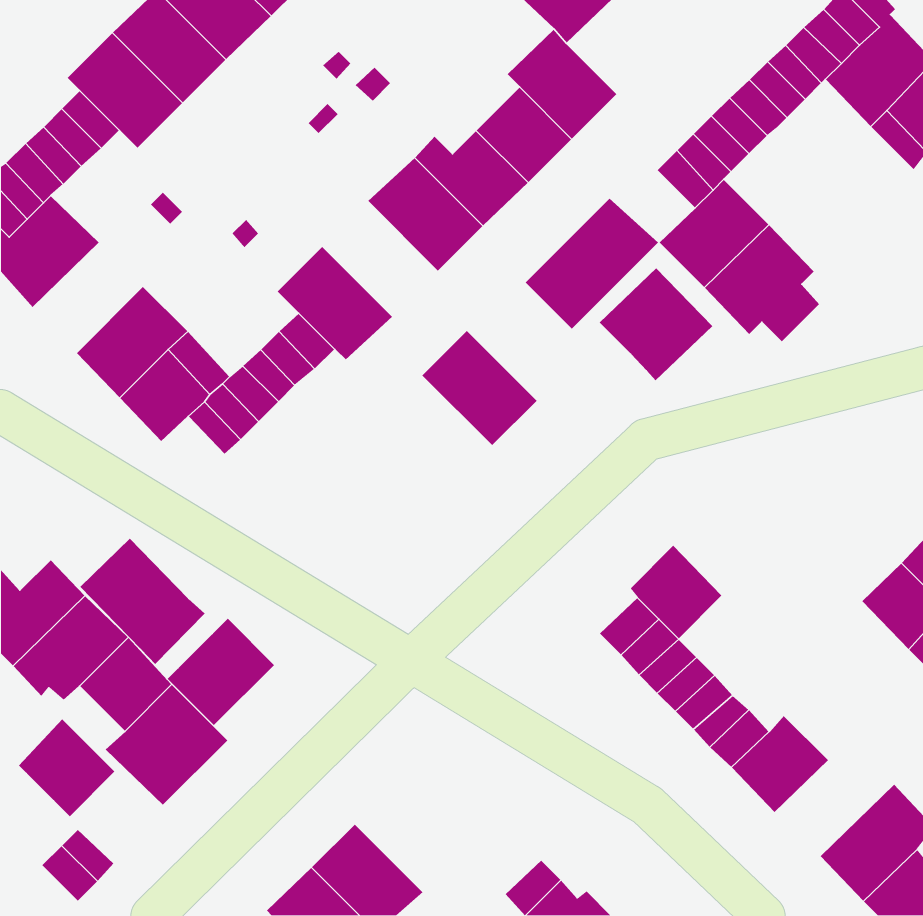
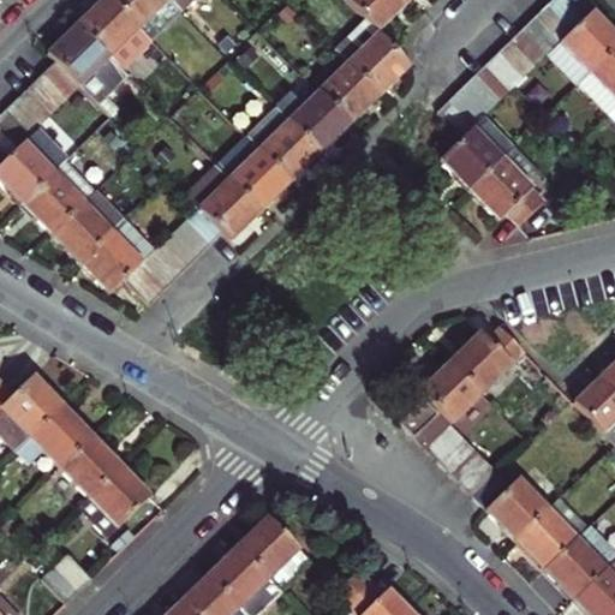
building: [525,198,659,329] -> none
building: none -> [23,161,96,234]
building: [599,268,713,381] -> none
building: [422,330,537,446] -> [215,133,292,210]
building: none -> [448,324,527,395]
building: [79,538,206,665] -> none
building: [167,618,275,726] -> none
building: [18,719,115,817] -> none
building: none -> [515,490,595,568]
building: none -> [237,518,311,592]

